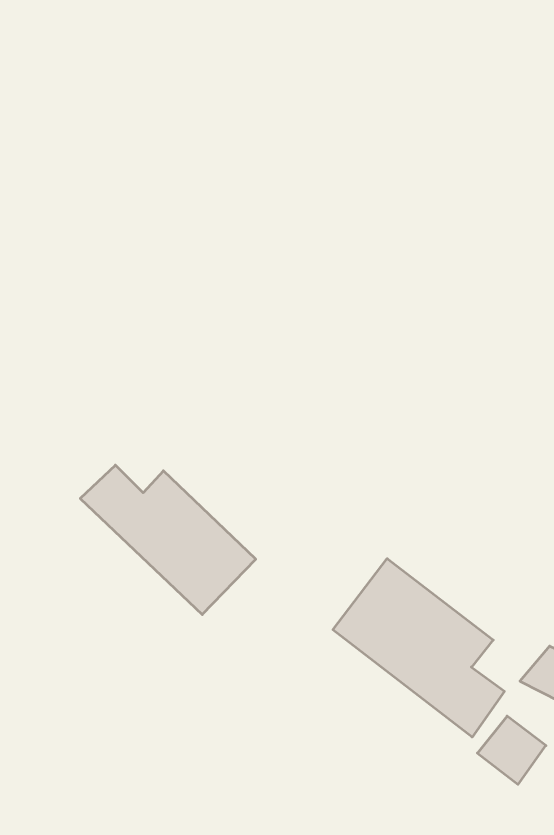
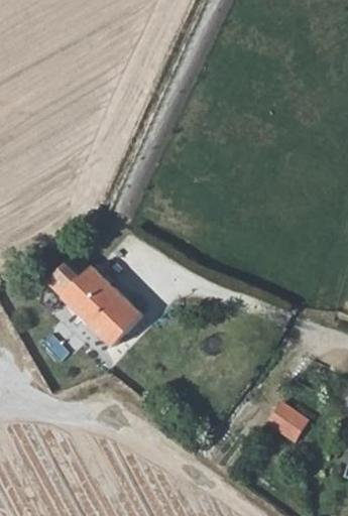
building: [333,559,504,737] -> none

